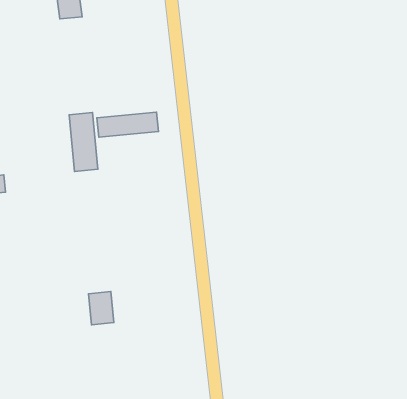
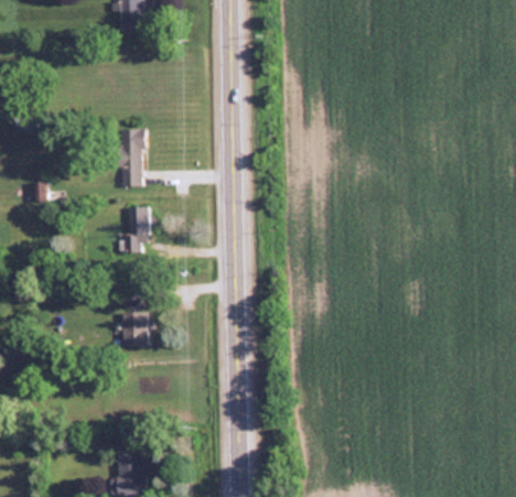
building: [97,112,158,137] -> none
building: none -> [128,208,149,251]

